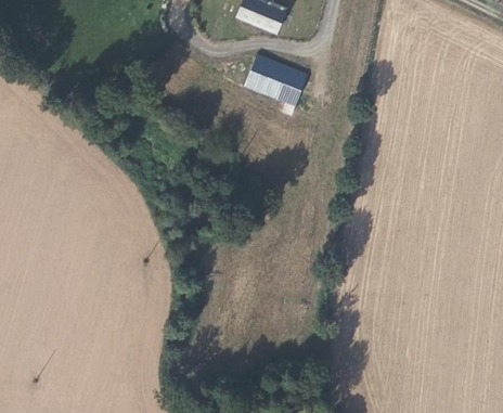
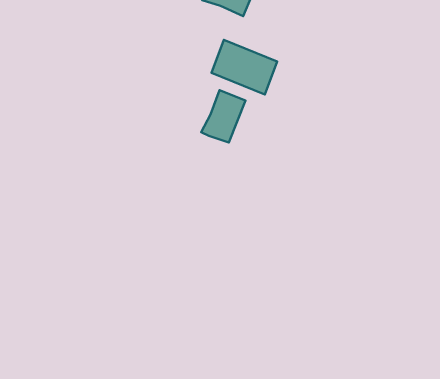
building: none -> [201,90,245,143]

